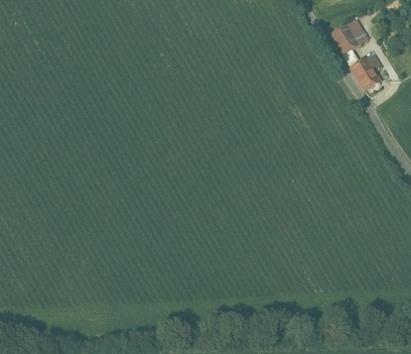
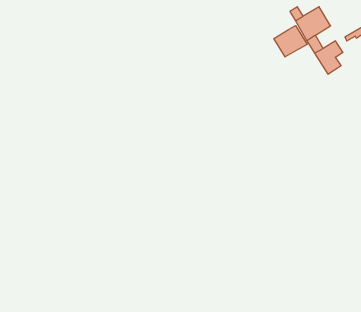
building: none -> [274,26,307,57]

